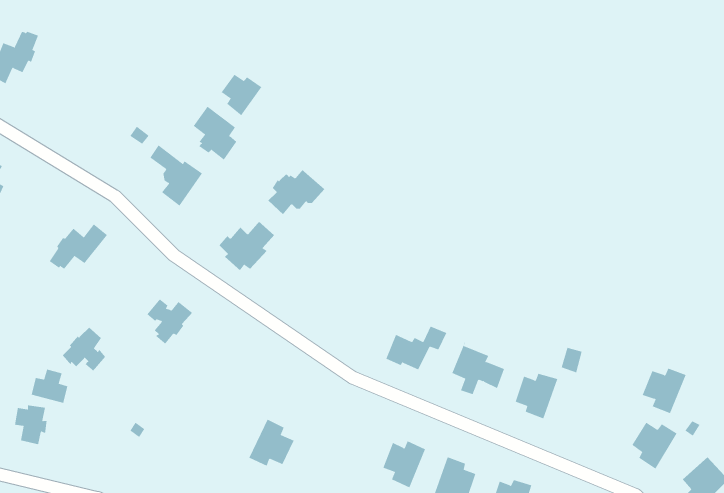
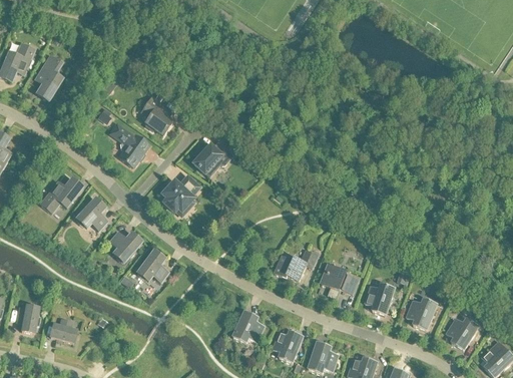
building: none -> [36,55,62,99]
building: [221,74,262,116] -> none
building: [62,327,106,371] -> [76,199,107,230]
building: none -> [136,251,168,282]
building: [642,368,686,414] -> [407,298,438,330]
building: [31,369,68,403] -> [50,318,76,342]
building: [248,419,294,466] -> [233,310,266,343]

